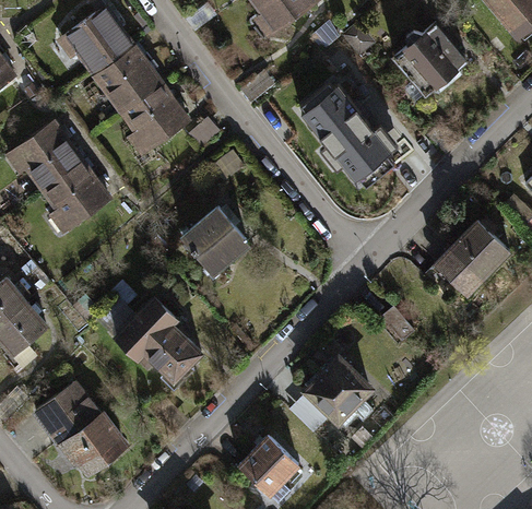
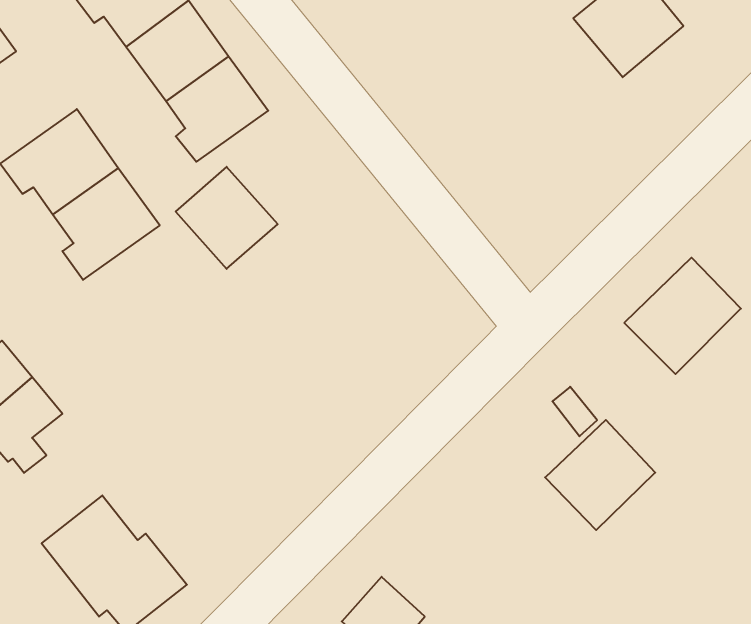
building: [295,71,399,180] -> none
building: [181,205,251,275] -> [176,167,278,269]
building: [114,296,204,382] -> none
building: [299,353,375,428] -> [545,420,655,530]

